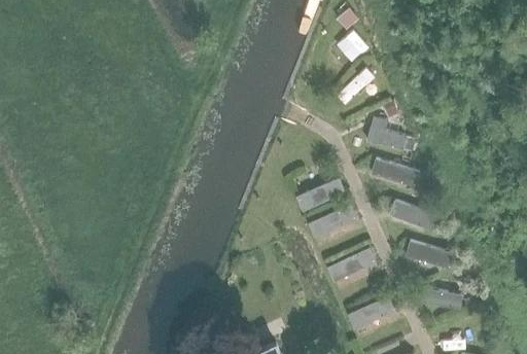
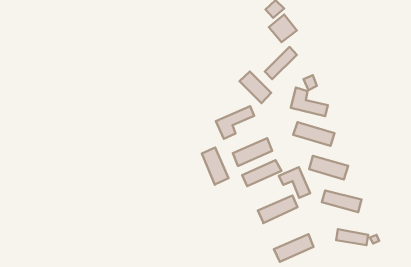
building: none -> [240,71,271,103]
building: none -> [216,106,254,139]
building: none -> [202,148,229,185]
building: none -> [279,167,310,198]

